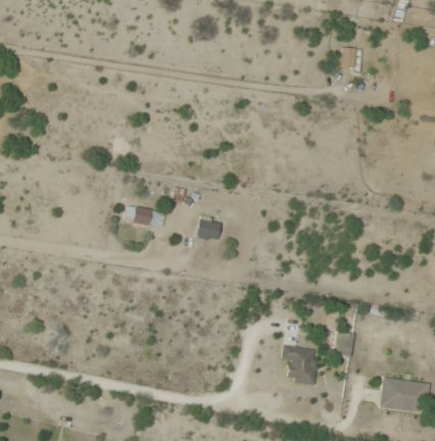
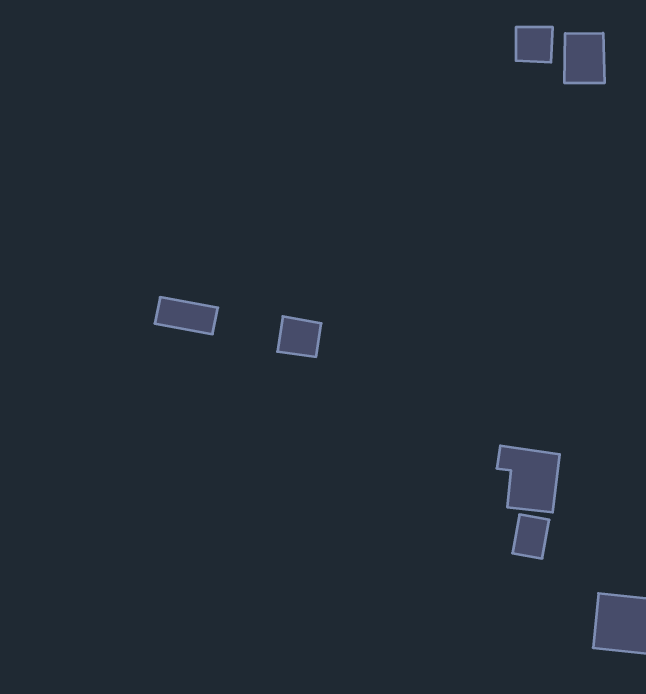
building: none -> [565,33,604,83]
building: [280,345,317,384] -> [497,446,560,512]

